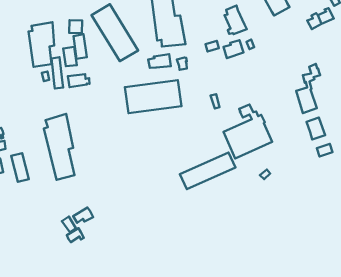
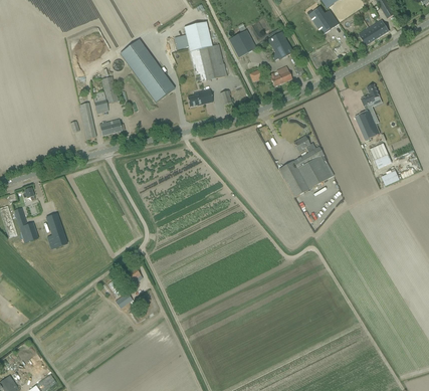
building: none -> [228,29,256,57]
building: [28,22,54,67] -> none
building: [125,80,181,113] -> none
building: [44,114,75,180] -> none
building: [180,152,236,189] -> none

